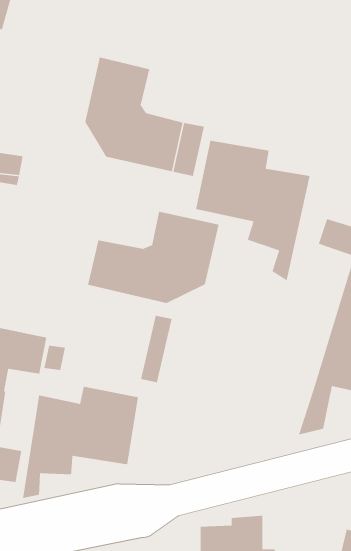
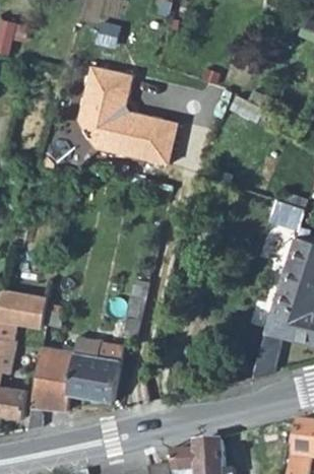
building: [195,140,310,282] -> none
building: [87,211,219,304] -> none

